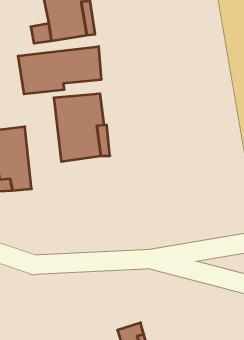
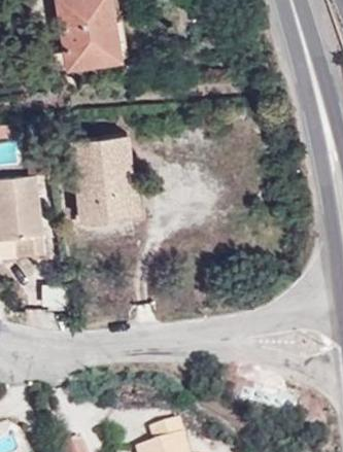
building: [18,46,101,94] -> none

